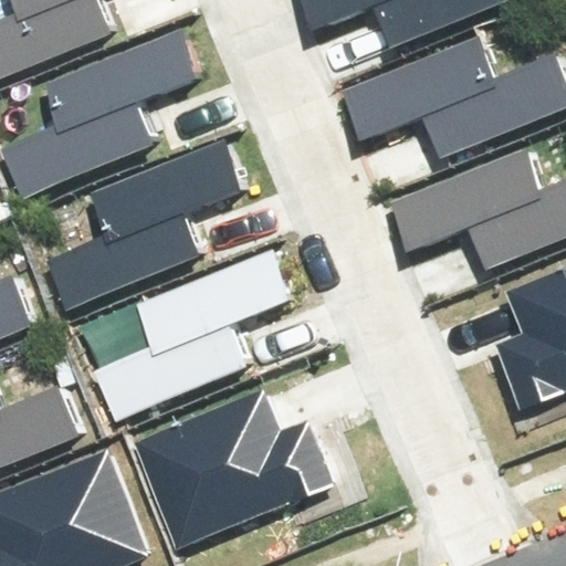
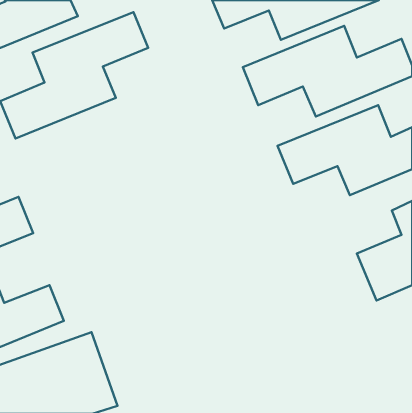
building: [50,134,252,307] -> none
building: [96,256,298,430] -> none
building: [148,400,333,538] -> none

